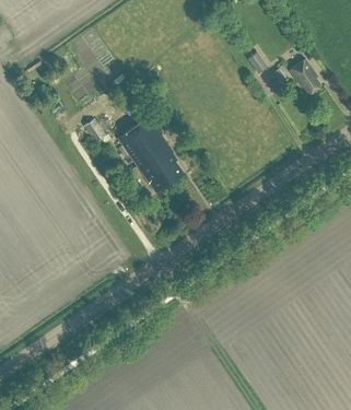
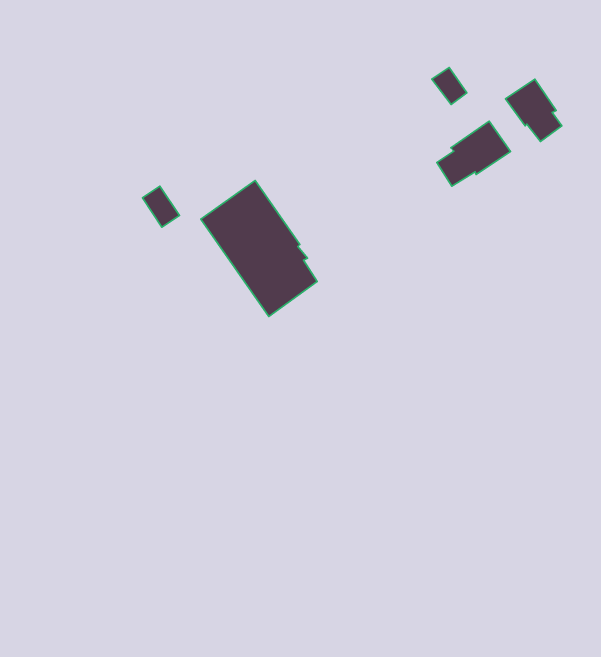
building: none -> [437,121,511,186]

